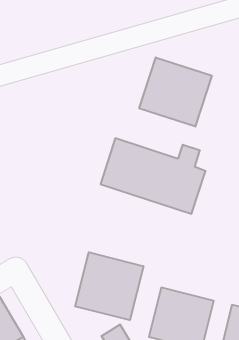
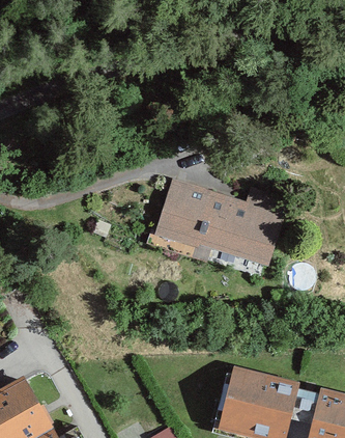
building: [139,57,212,127] -> none
building: [75,252,143,320] -> none

